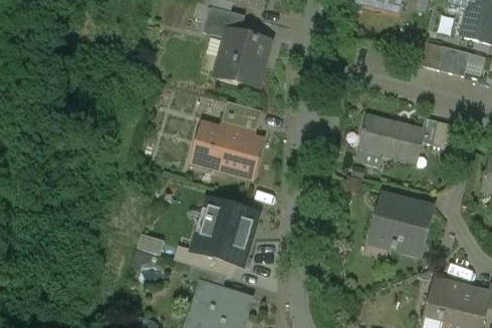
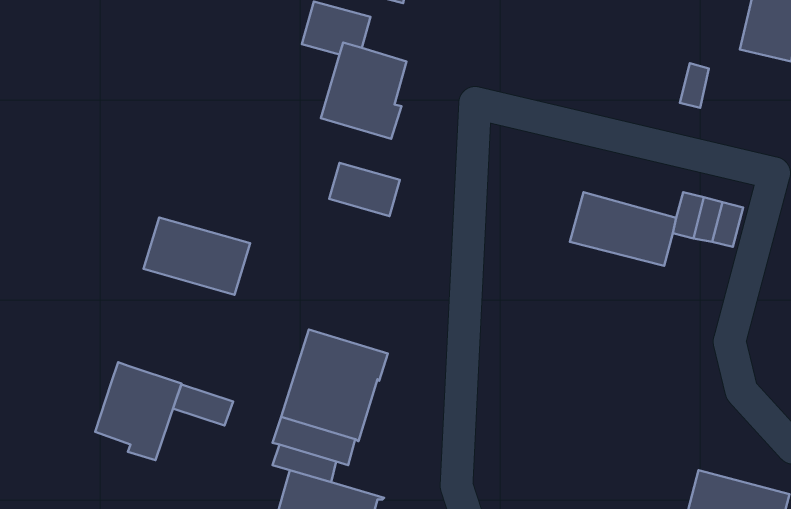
building: [437,45,469,75] -> none
building: [196,128,258,174] -> [144,217,250,295]
building: [375,197,433,254] -> none
building: none -> [95,362,181,460]

